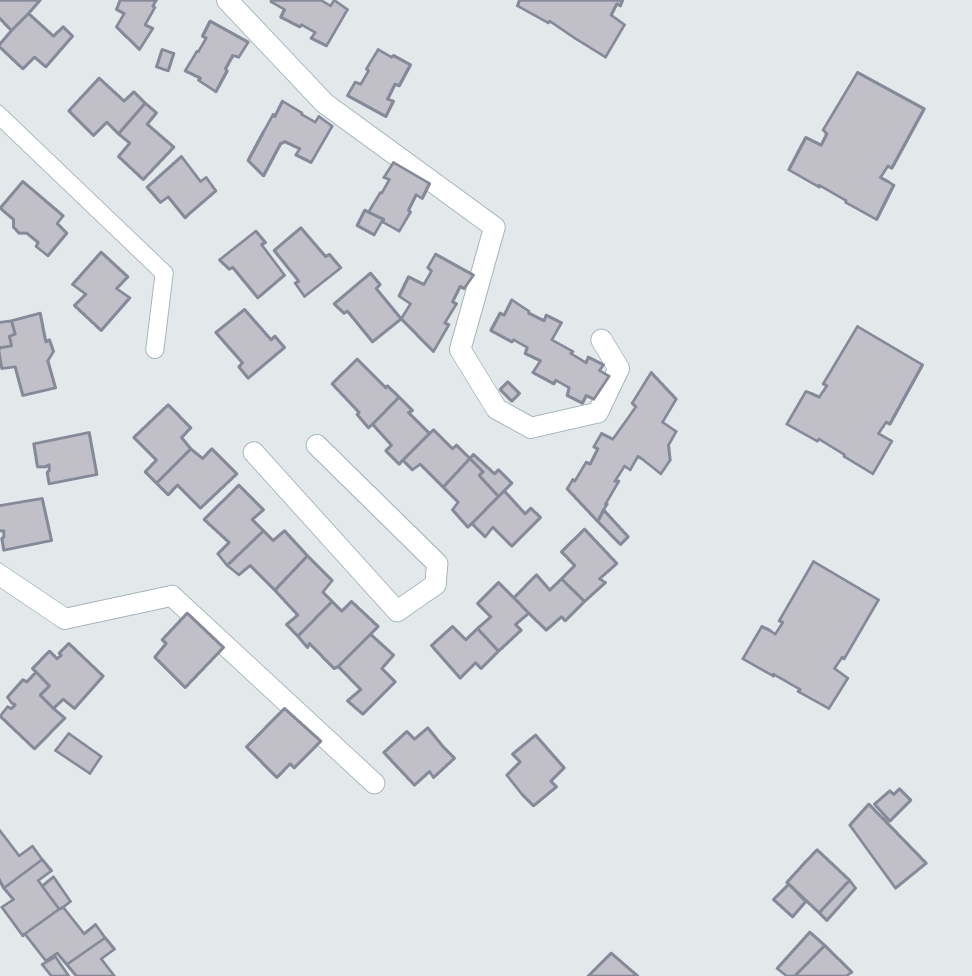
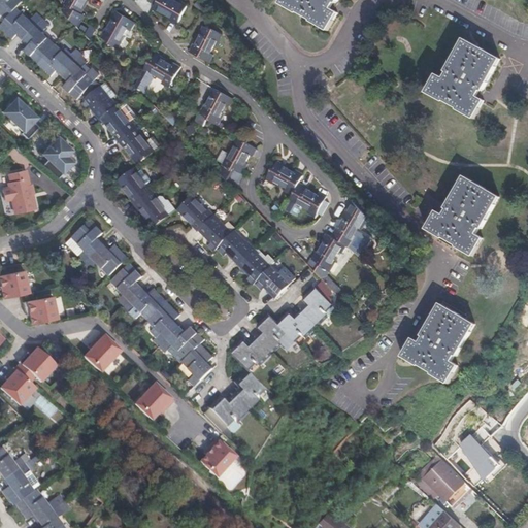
building: none -> [24,20,54,60]
building: [274,228,341,296] -> [102,103,138,140]
building: [334,273,401,342] -> [134,188,170,225]
building: [34,432,97,484] -> [22,295,56,323]
building: [507,735,564,806] -> [231,371,262,409]
building: none -> [198,437,235,477]

